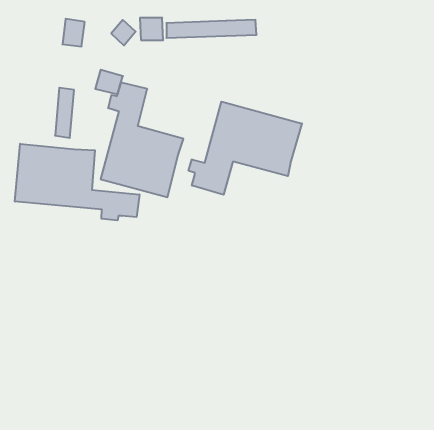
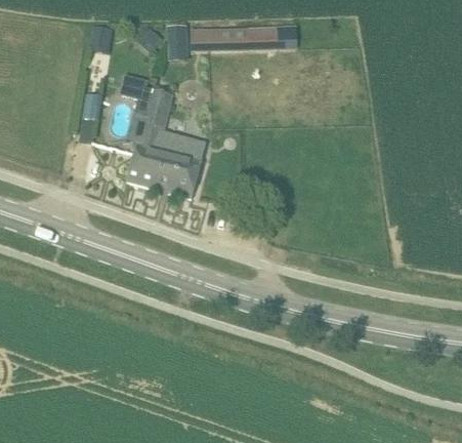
building: [189,102,302,195] -> none
building: [15,144,139,220] -> none

